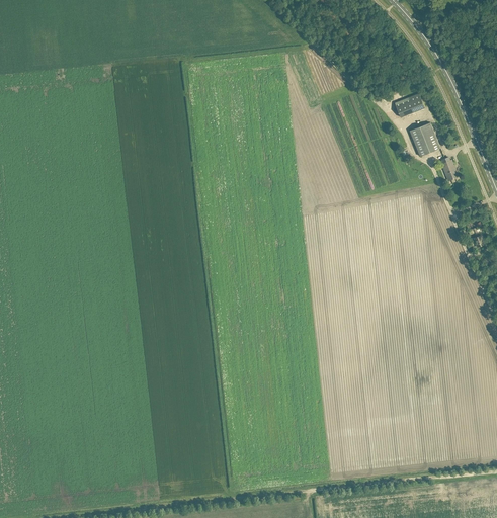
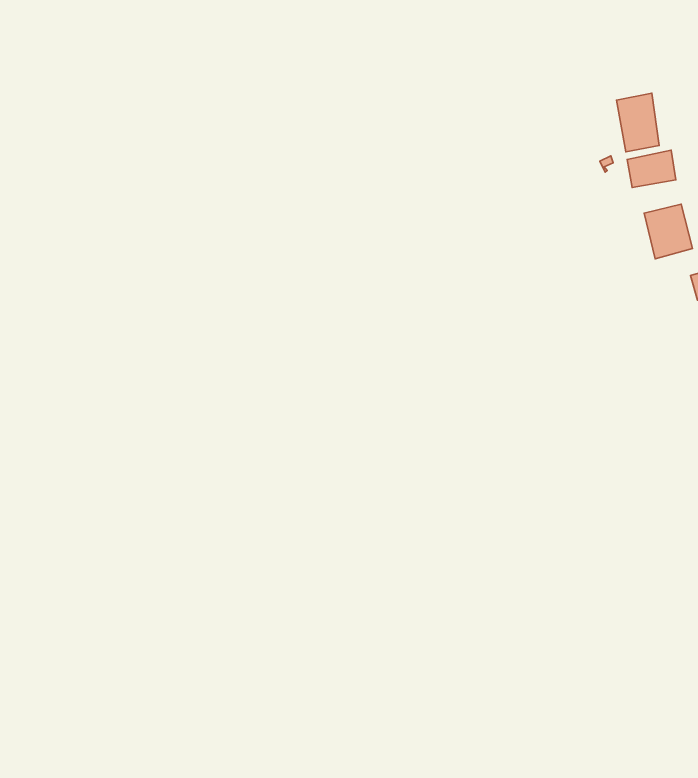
building: none -> [617,93,659,152]

